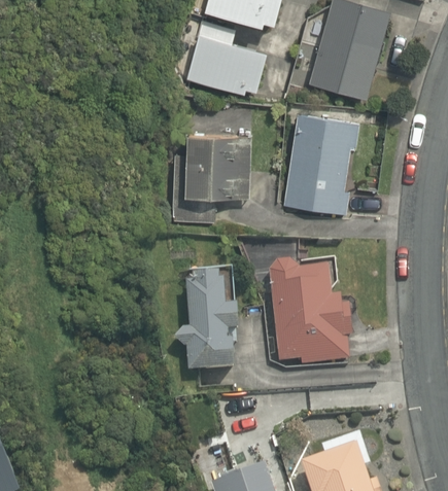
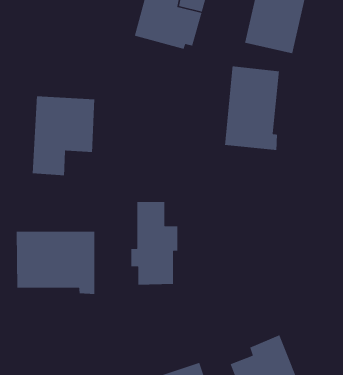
building: [180,131,255,226] -> [32,96,95,176]
building: [266,257,352,366] -> none
building: none -> [16,231,95,295]

